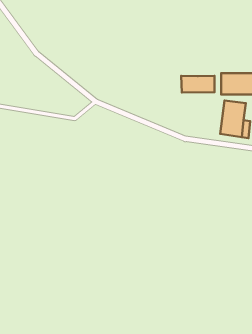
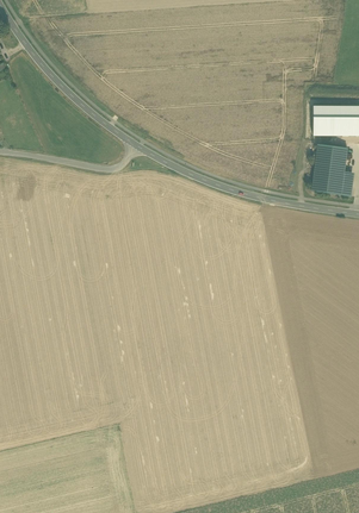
building: [181,76,214,92] -> none

